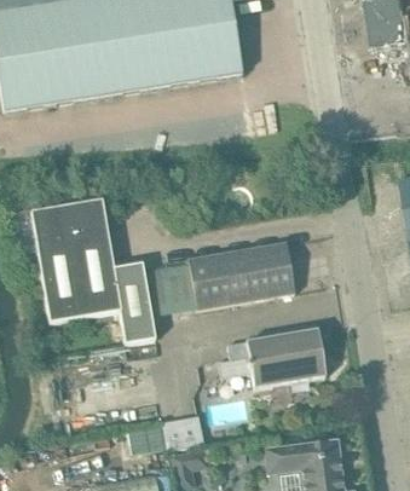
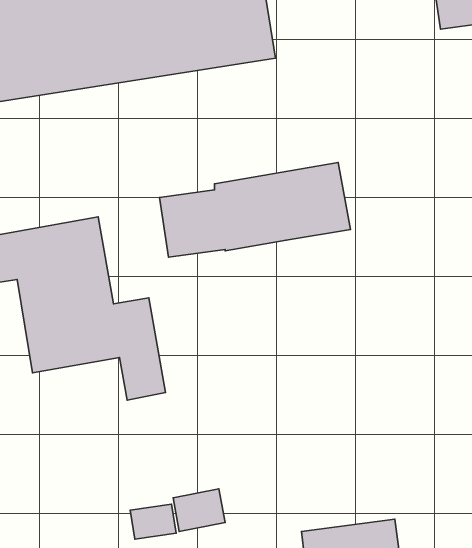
building: [145,241,296,316] -> [159,162,351,257]
building: [247,329,327,388] -> none

